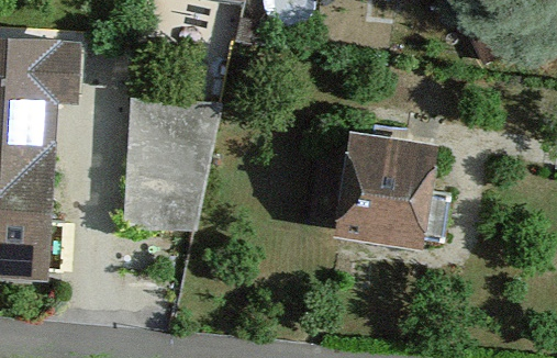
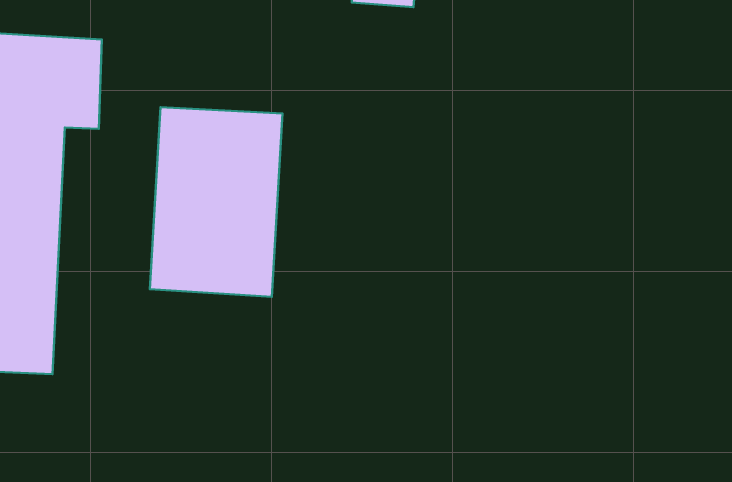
building: [328,134,430,260] -> none

